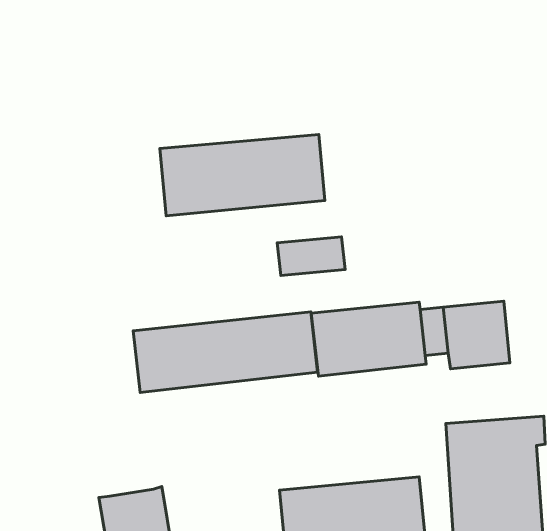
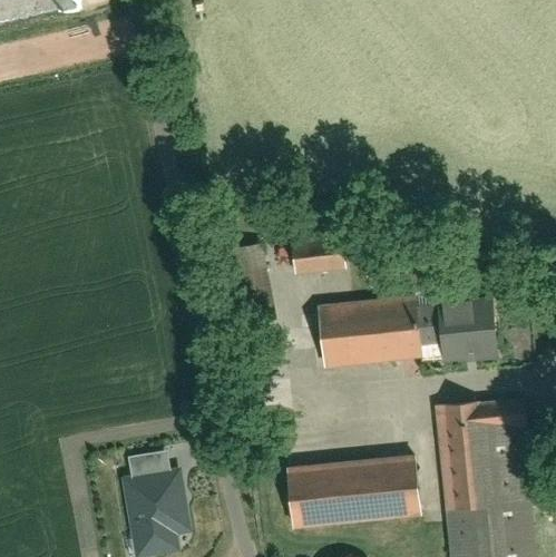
building: [160,135,325,216] -> none
building: [133,312,318,392] -> none
building: none -> [127,450,170,476]

